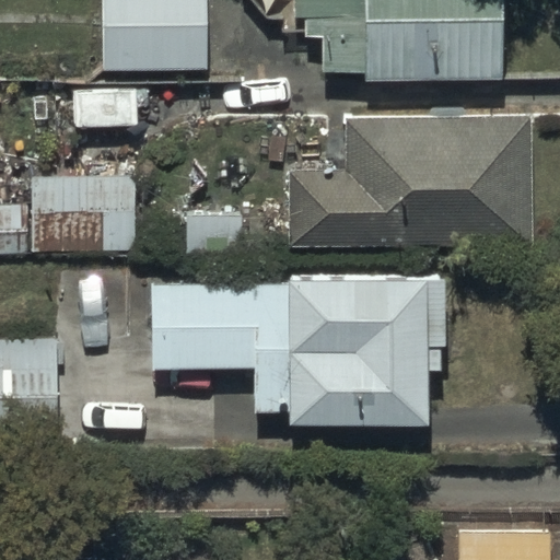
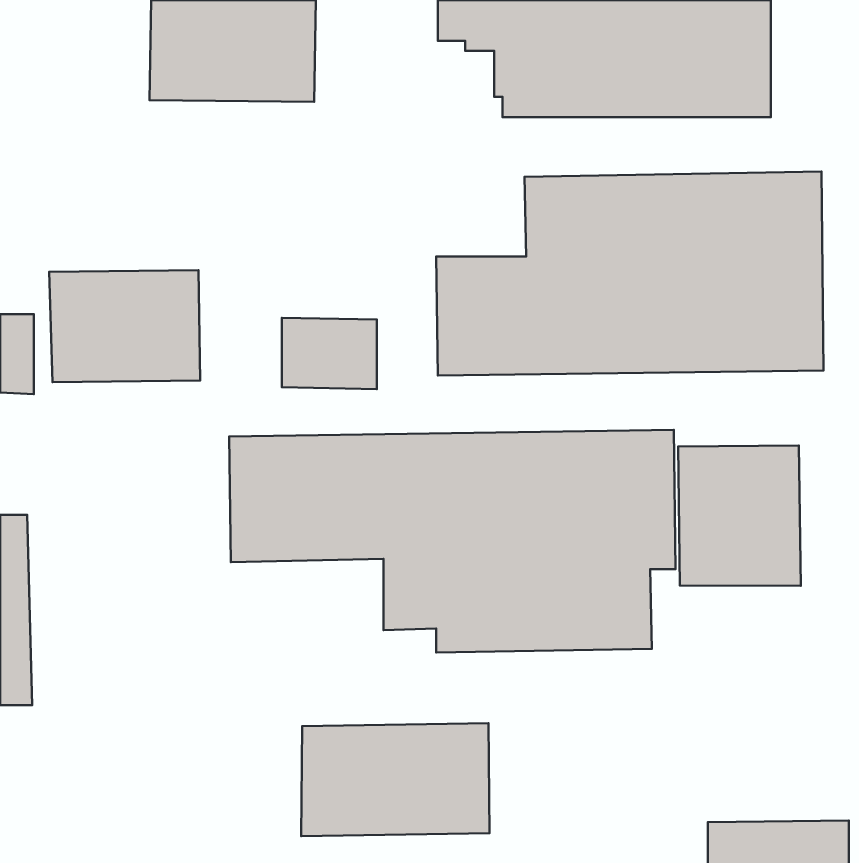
building: none -> [678,445,801,586]
building: none -> [301,723,490,836]

